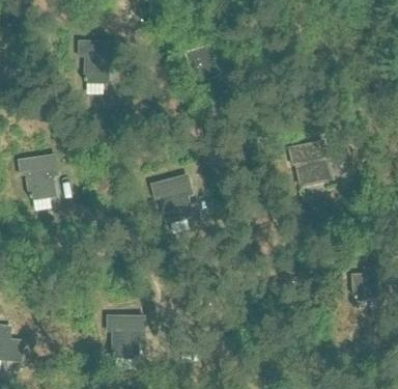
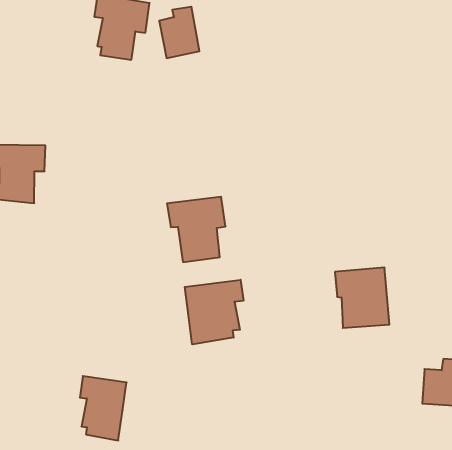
building: [188,44,220,83] -> [159,7,199,58]
building: [288,139,333,187] -> [335,268,389,328]
building: none -> [185,280,243,344]

